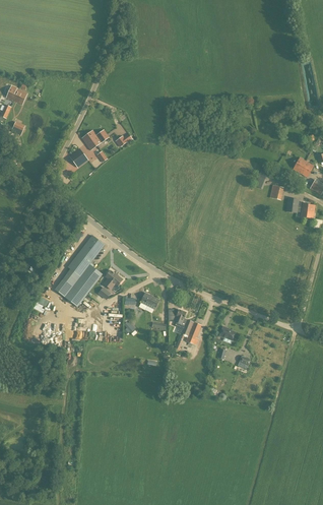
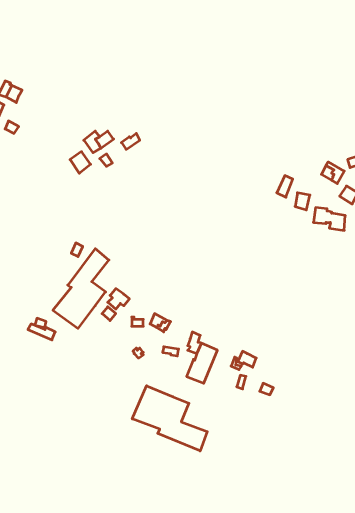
building: none -> [132,386,207,451]

